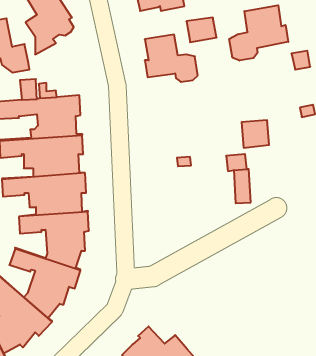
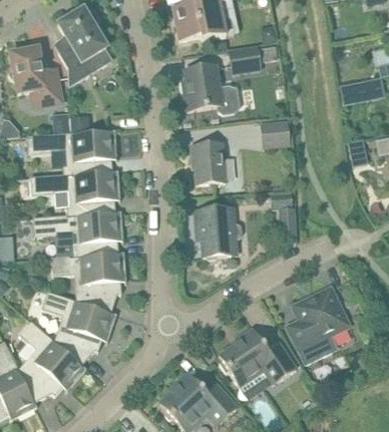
building: [229,5,288,61] -> none
building: none -> [190,141,226,183]
building: [242,120,269,148] -> [261,119,290,148]
building: none -> [196,206,243,256]
building: none -> [288,287,349,362]
building: none -> [219,328,297,386]

